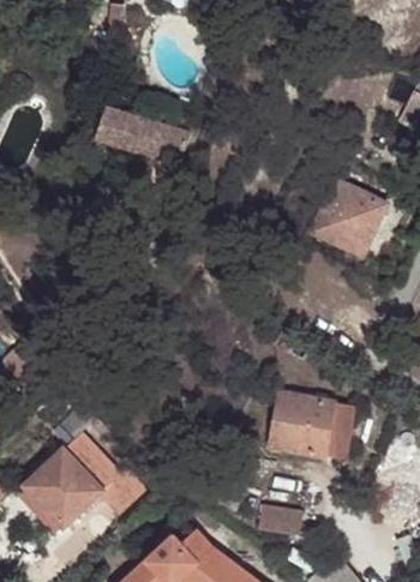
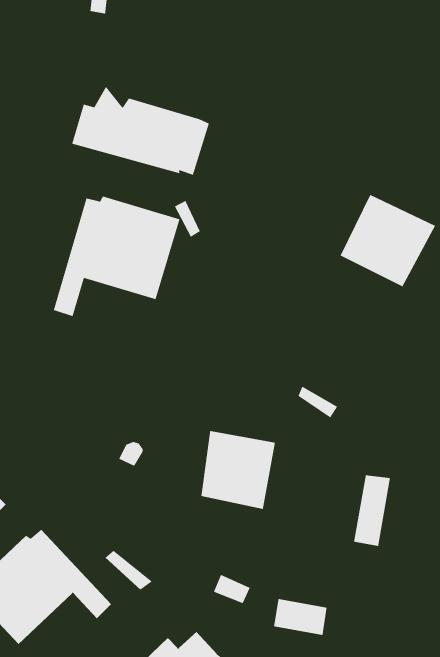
building: none -> [53,195,180,317]
building: [270,394,330,457] -> [200,430,276,510]

